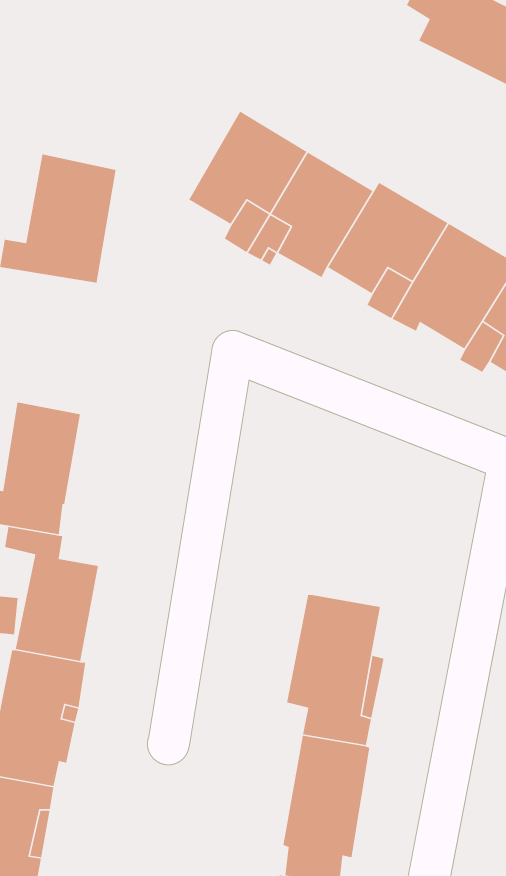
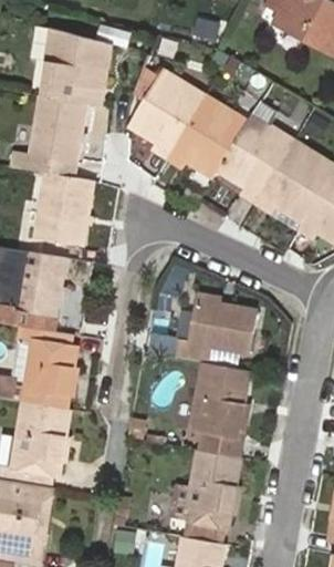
building: none -> [38,31,107,106]
building: none -> [34,172,91,245]
building: none -> [171,308,254,369]

